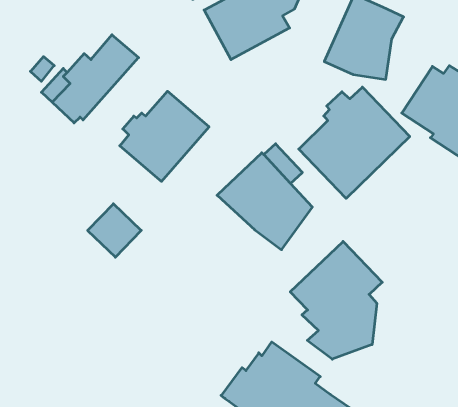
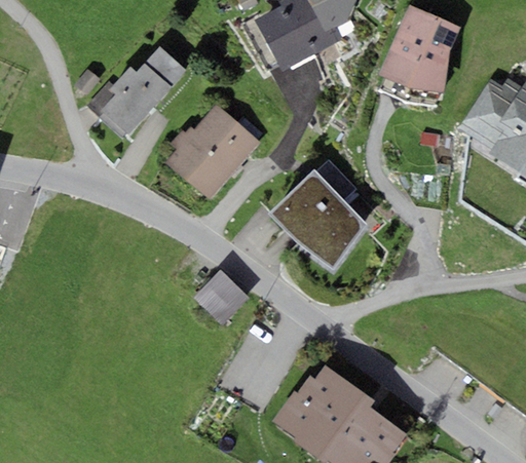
building: [299,87,410,198] -> none
building: [88,204,141,257] -> [193,269,249,324]
building: [290,241,382,359] -> none

